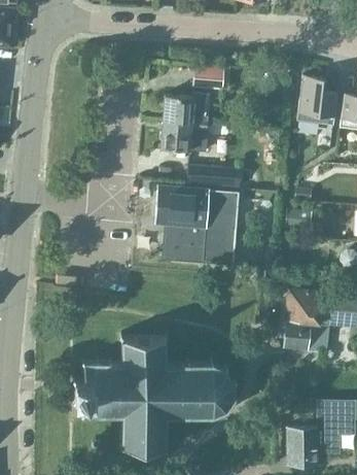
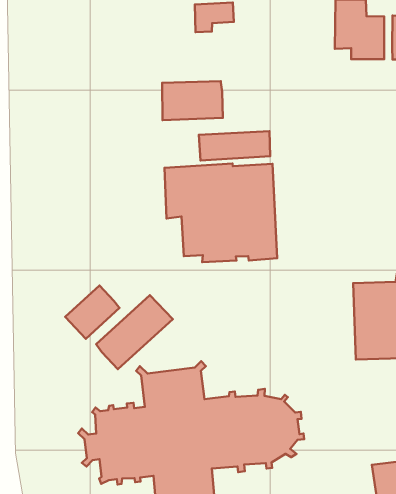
building: [165,93,212,127] -> none
building: none -> [65,285,119,339]
building: none -> [96,295,173,369]

